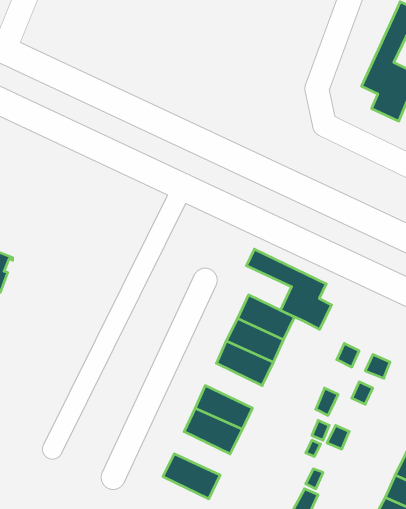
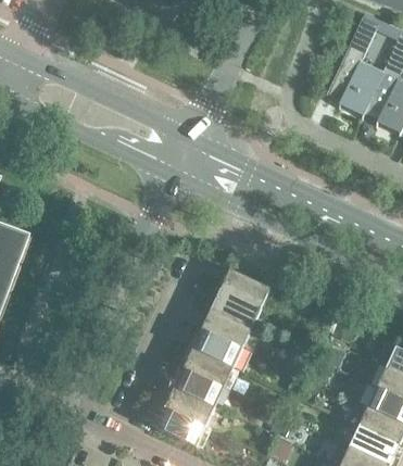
building: [246,249,332,329] -> none
building: none -> [193,327,243,366]
building: none -> [166,387,215,425]

